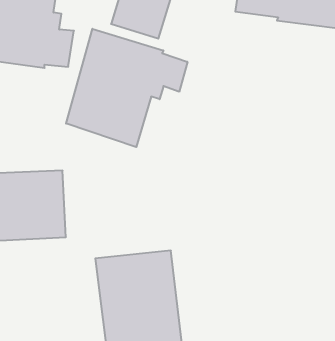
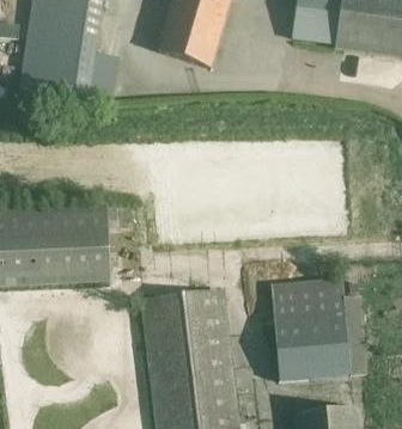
building: [66,29,187,147] -> none
building: none -> [270,276,367,380]

